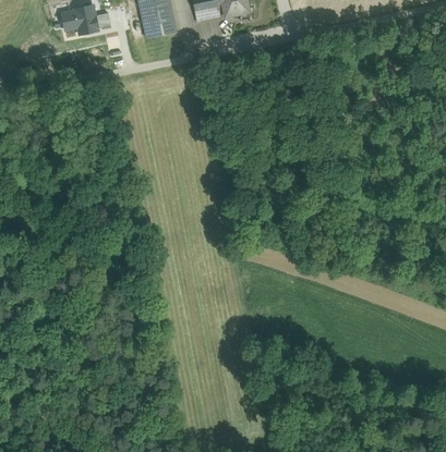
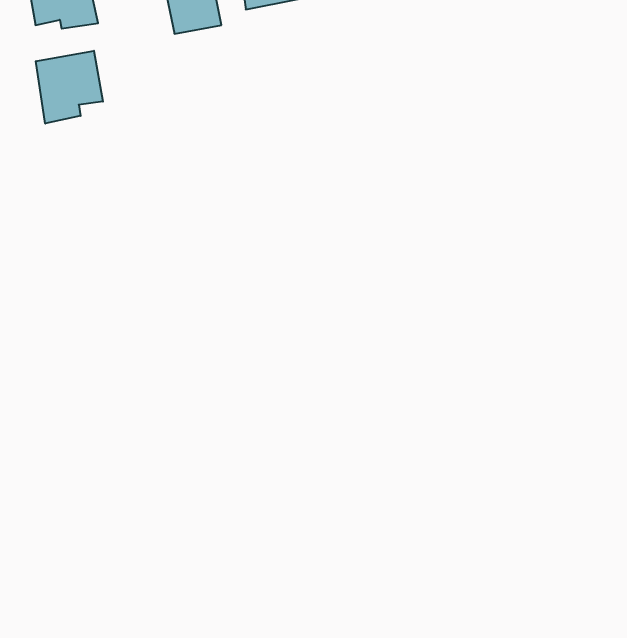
building: none -> [36,51,103,124]

